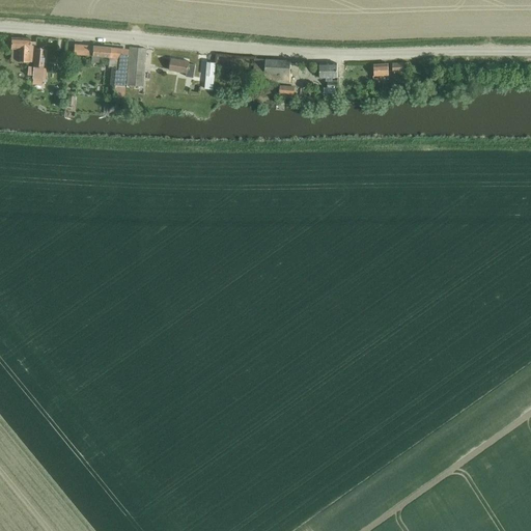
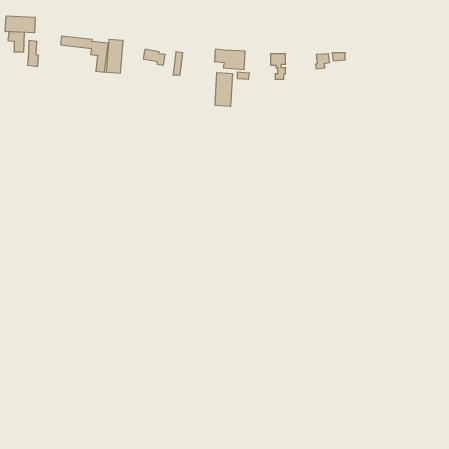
building: none -> [5,16,35,33]
building: none -> [215,72,233,107]

